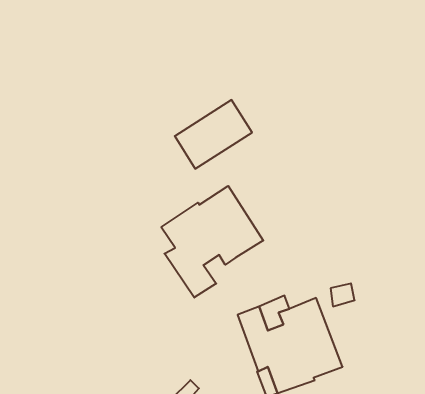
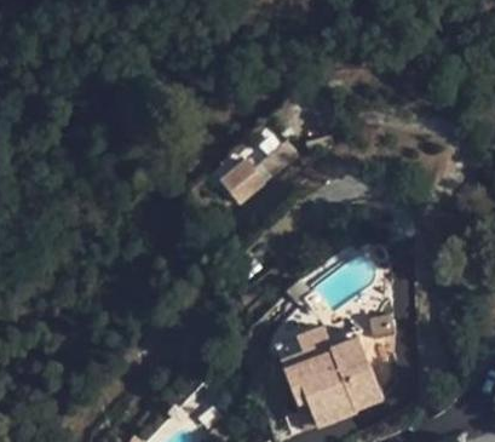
building: [161,186,263,298] -> none

